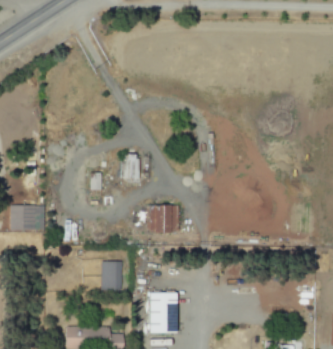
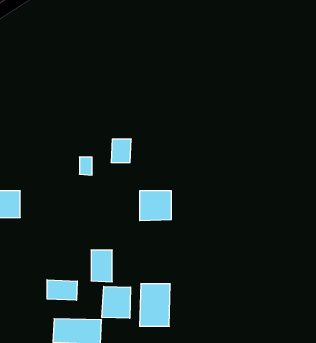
building: none -> [47,280,77,300]
building: none -> [102,286,131,318]

